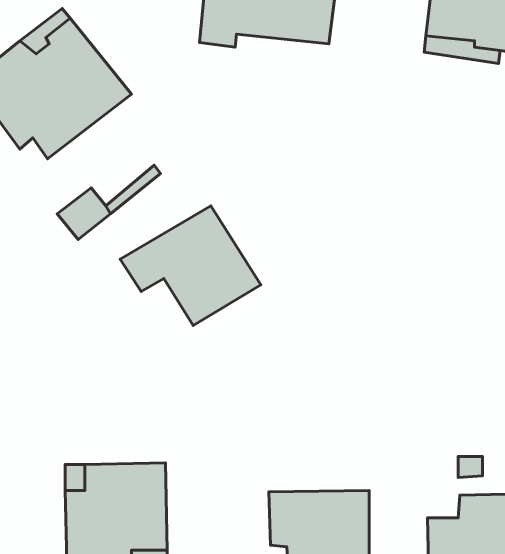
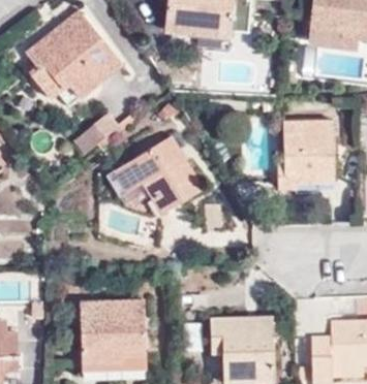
building: none -> [278,120,334,187]
building: none -> [106,169,161,213]

